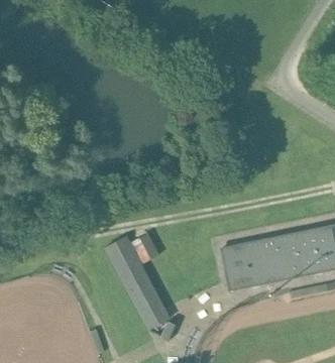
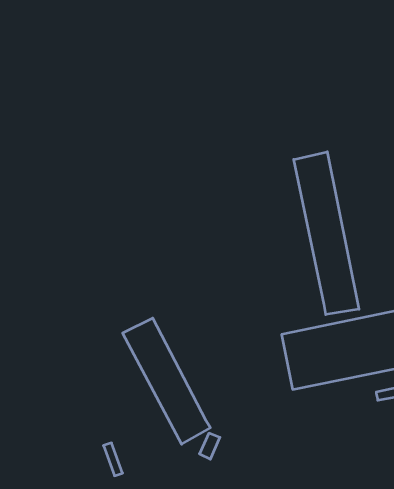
building: none -> [294,152,359,315]

